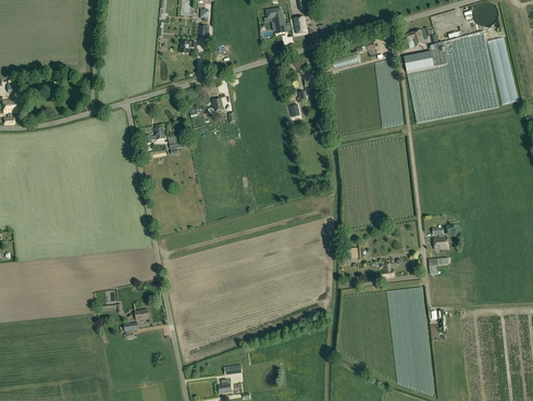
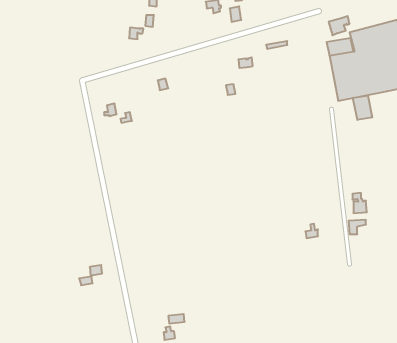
building: none -> [353,95,372,120]

